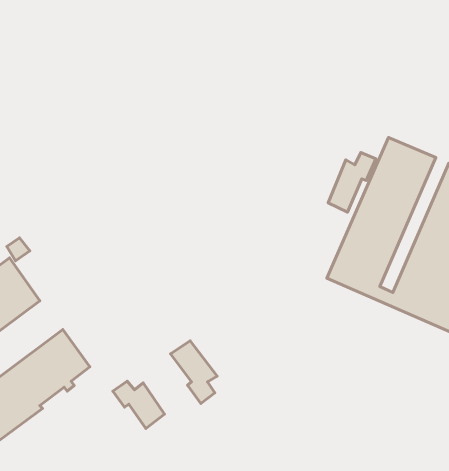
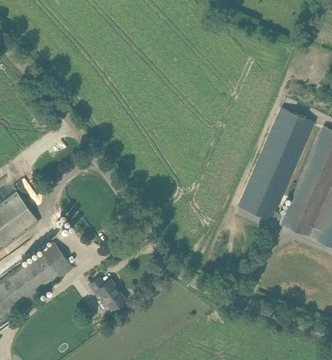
building: [328,153,376,212] -> none
building: [171,341,217,403] -> none

